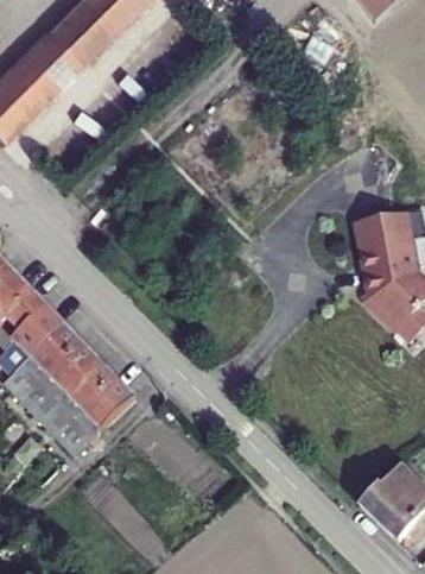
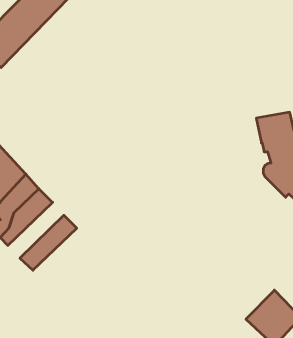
building: [15,335,93,412] -> none
building: [50,371,127,447] -> none

